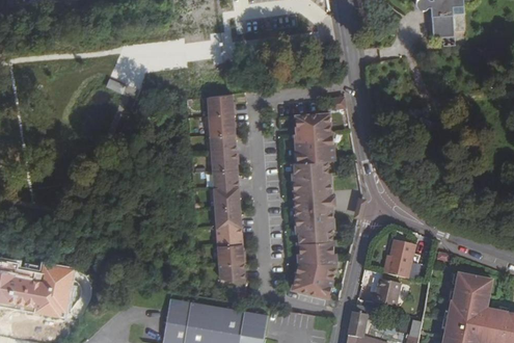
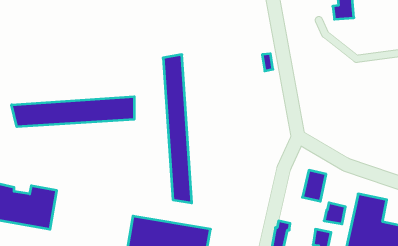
building: [293,113,337,297] -> none
building: none -> [12,97,134,127]
building: [373,280,400,307] -> [324,203,345,224]

